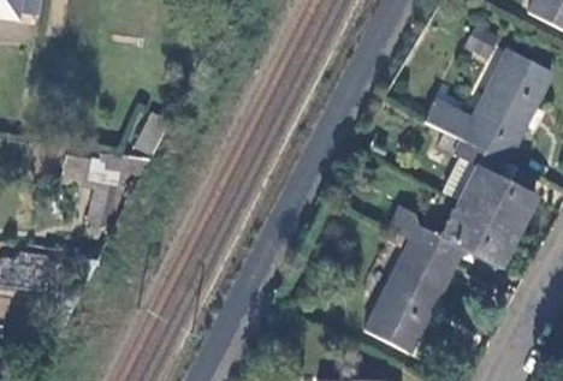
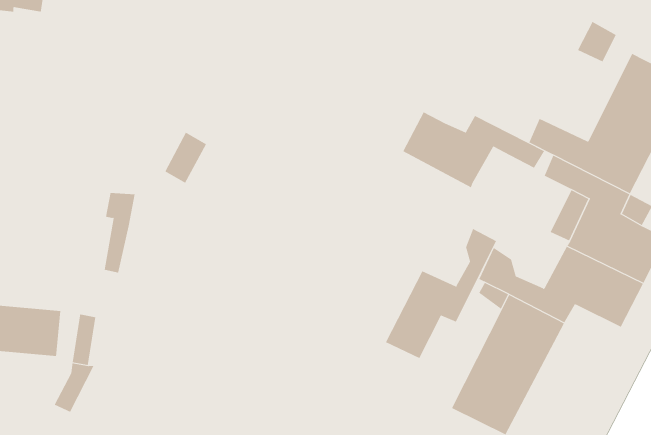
building: none -> [402,111,545,188]
building: none -> [385,228,497,359]

